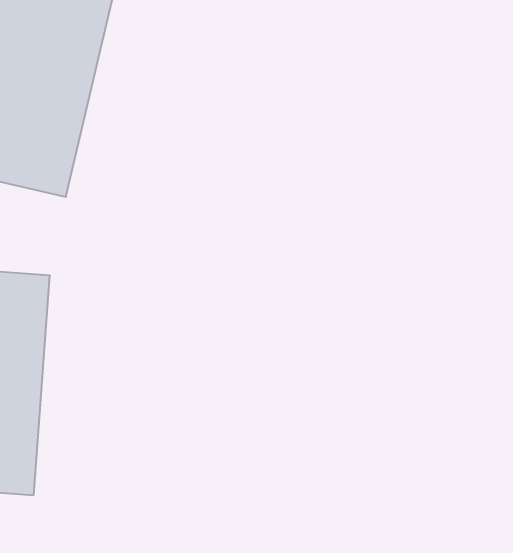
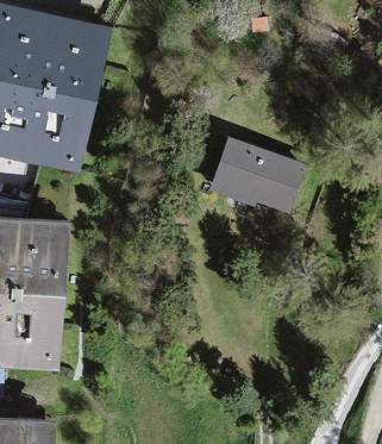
building: none -> [218,145,312,224]

